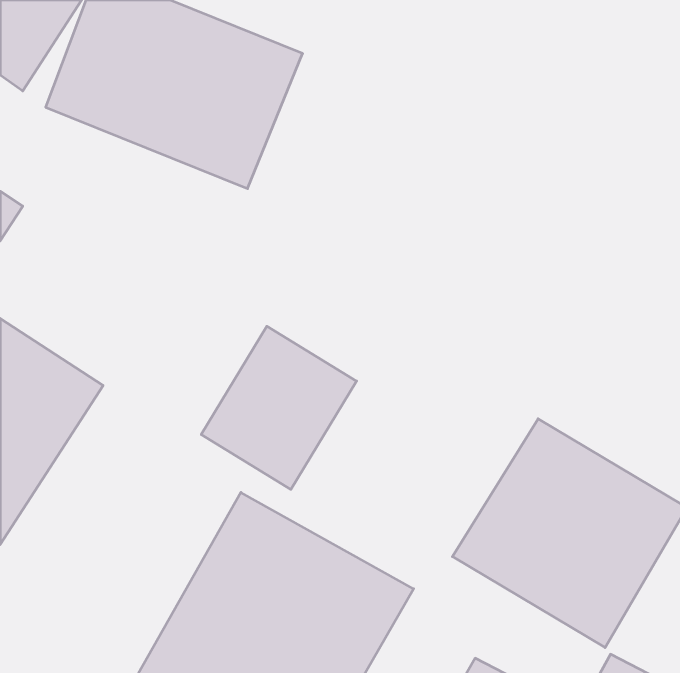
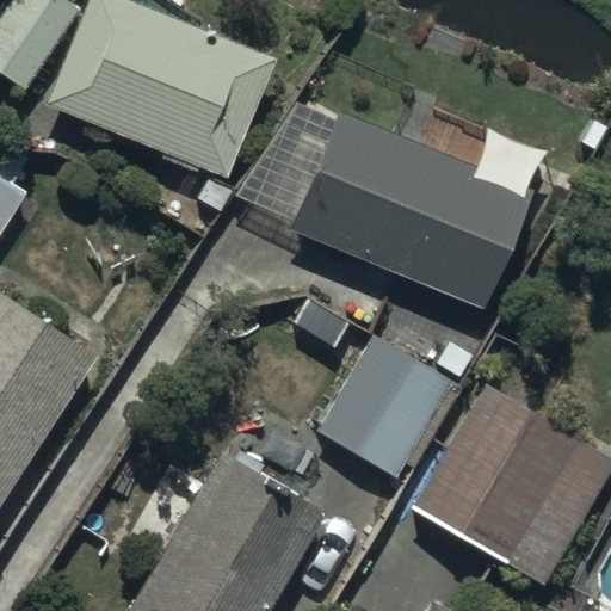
building: none -> [288,110,527,306]
building: [201,326,357,489] -> [315,334,453,480]

